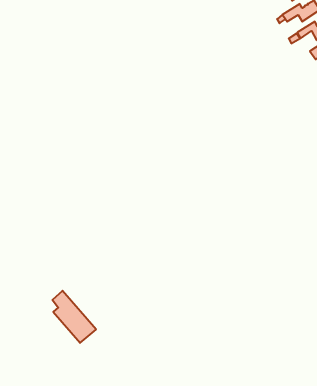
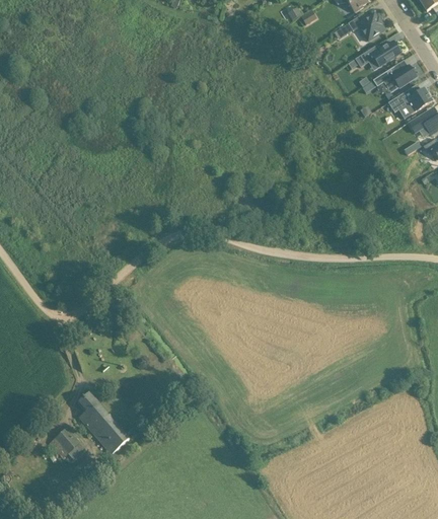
building: none -> [50,427,86,459]

